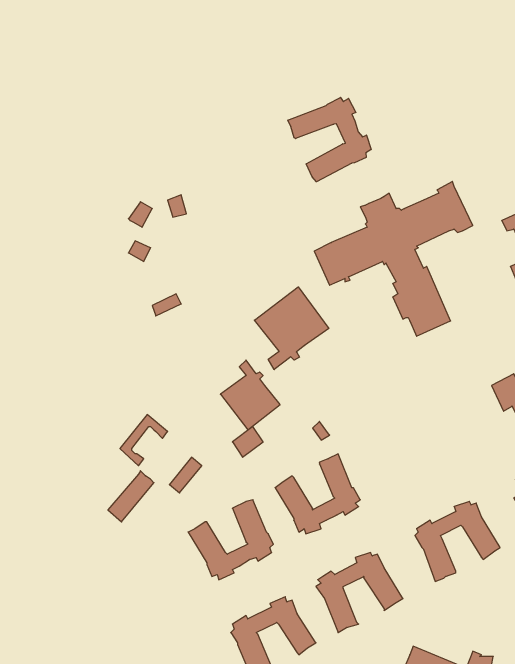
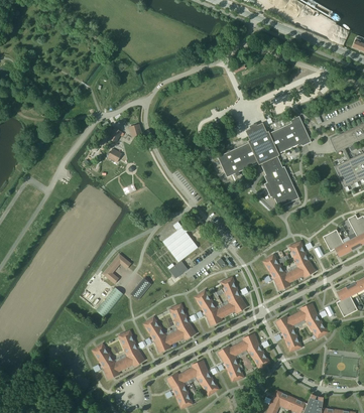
building: [288,97,371,182] -> none
building: [254,287,329,370] -> none
building: none -> [262,242,314,289]
building: none -> [92,330,143,378]

